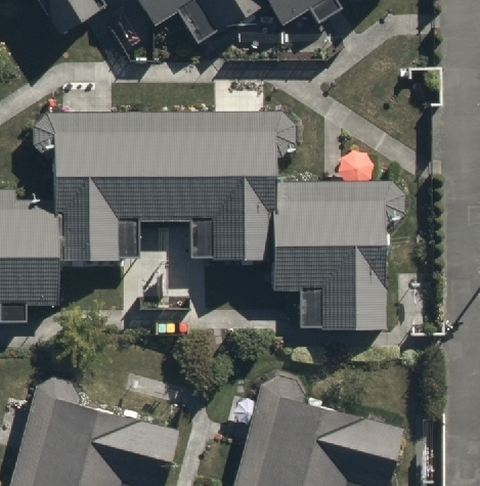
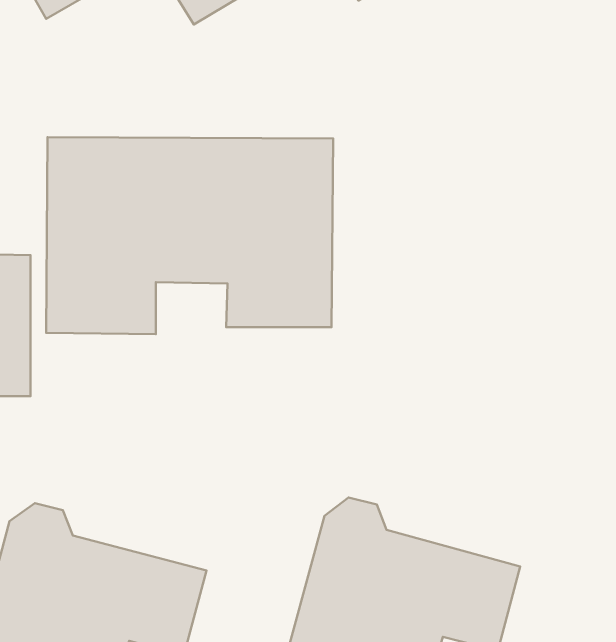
building: [276,195,384,316] -> none

